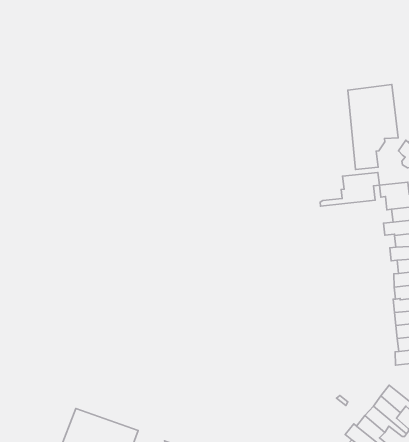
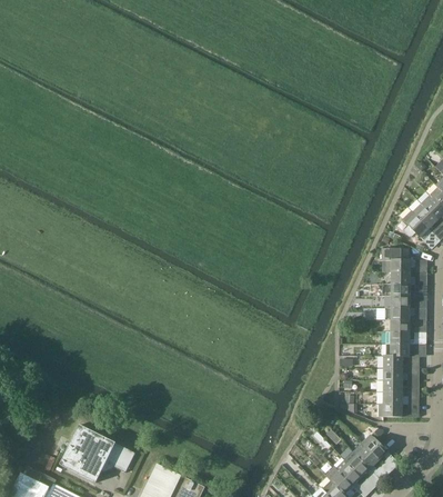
building: [348,85,398,170] -> none
building: [320,172,379,206] -> none

